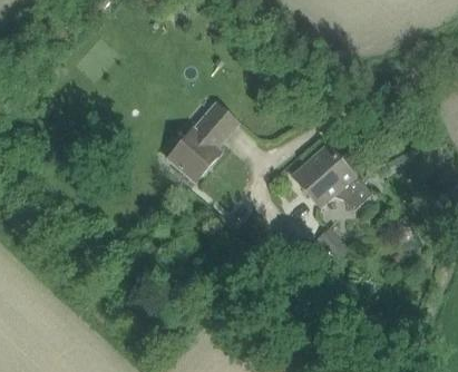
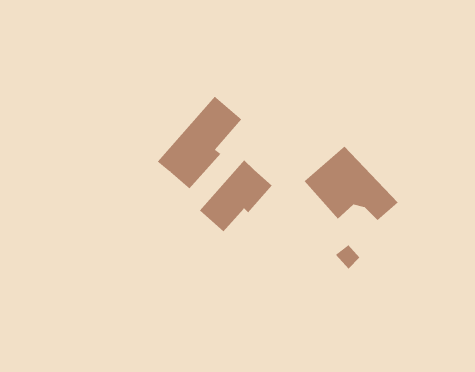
building: none -> [199,160,272,232]

